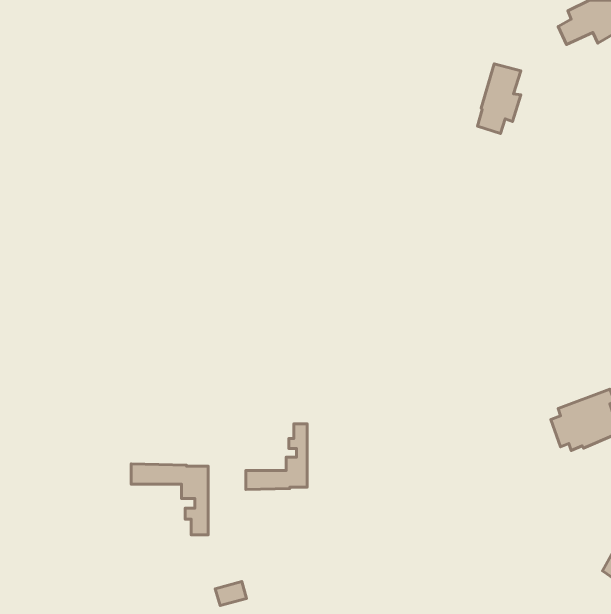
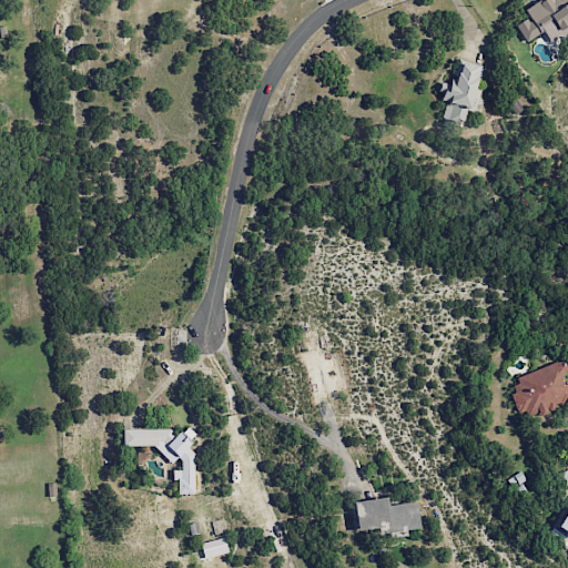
building: [246,424,307,489] -> none
building: none -> [355,497,423,534]

